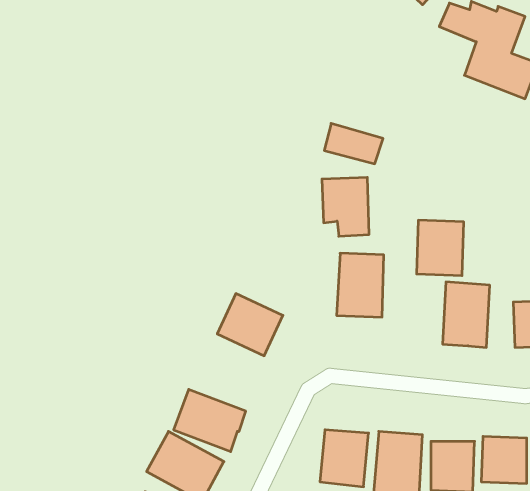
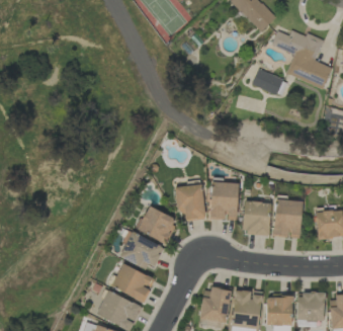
building: [324,123,383,164] -> [252,70,287,94]
building: [322,177,369,236] -> [175,184,203,220]
building: [417,220,464,276] -> [242,200,270,234]
building: none -> [119,231,164,271]

